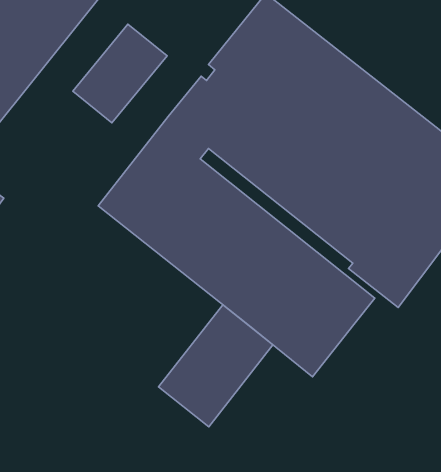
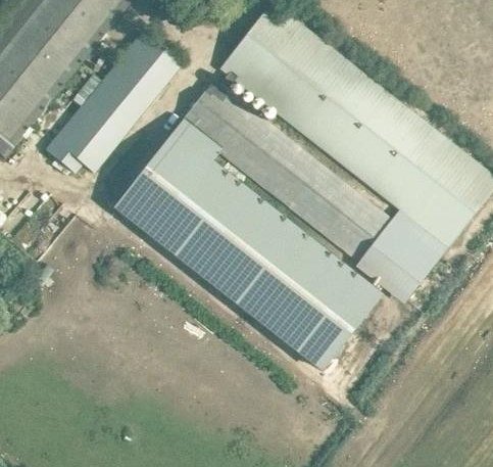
building: none -> [45,96,127,174]
building: [159,305,273,427] -> none

